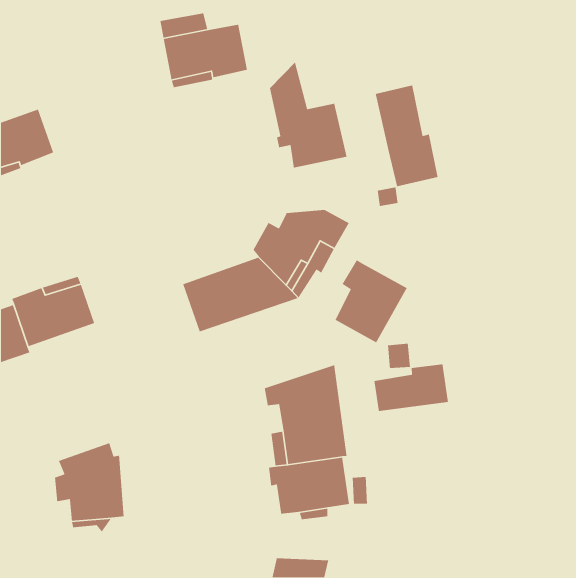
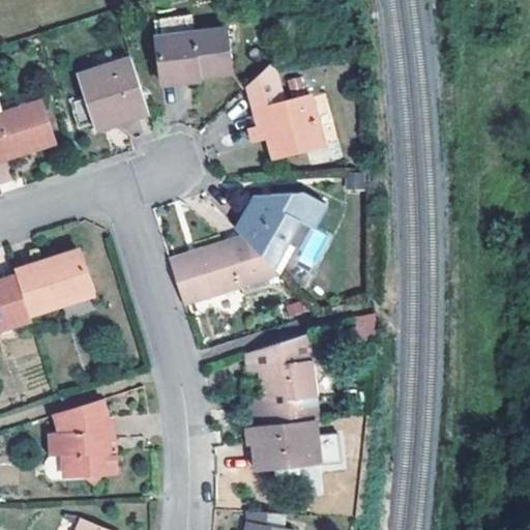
building: none -> [76,59,145,127]
building: [375,84,438,187] -> none
building: [334,259,408,343] -> none
building: [373,364,449,412] -> none

